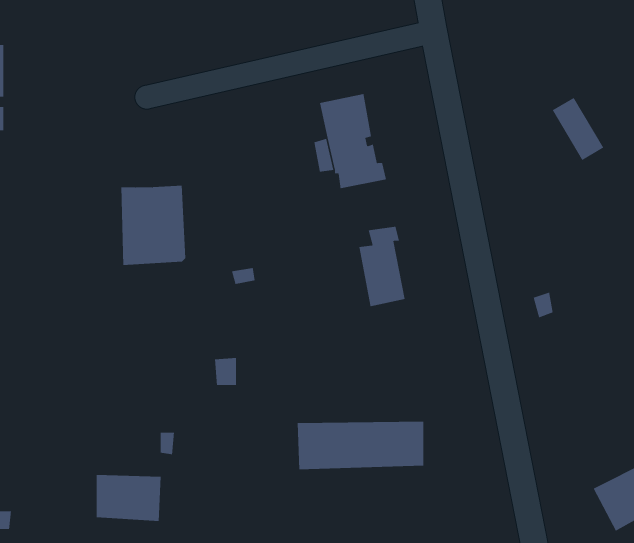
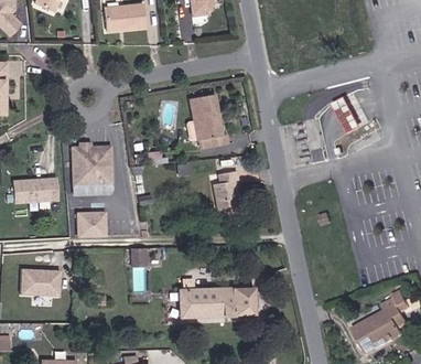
building: none -> [13,178,58,202]
building: none -> [78,212,108,238]
building: [96,475,162,521] -> [21,269,60,297]

